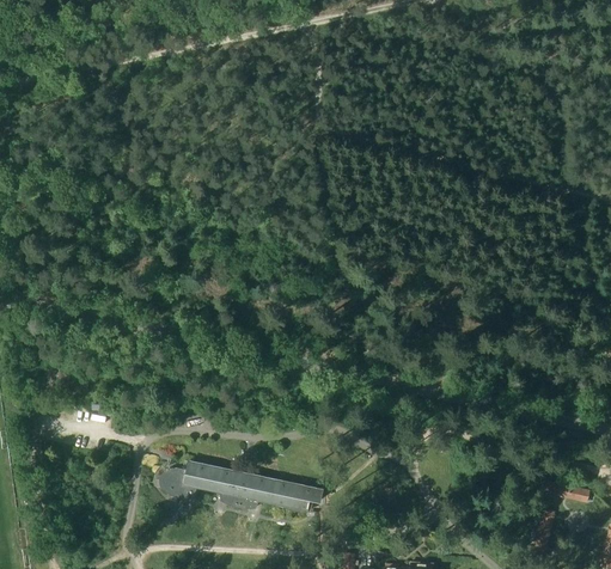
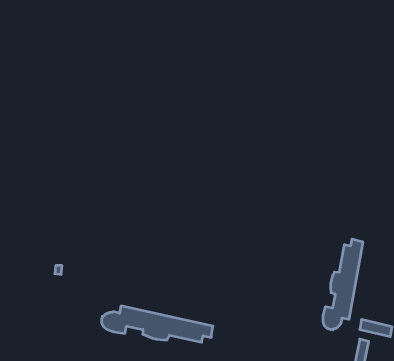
building: none -> [323,239,363,330]

